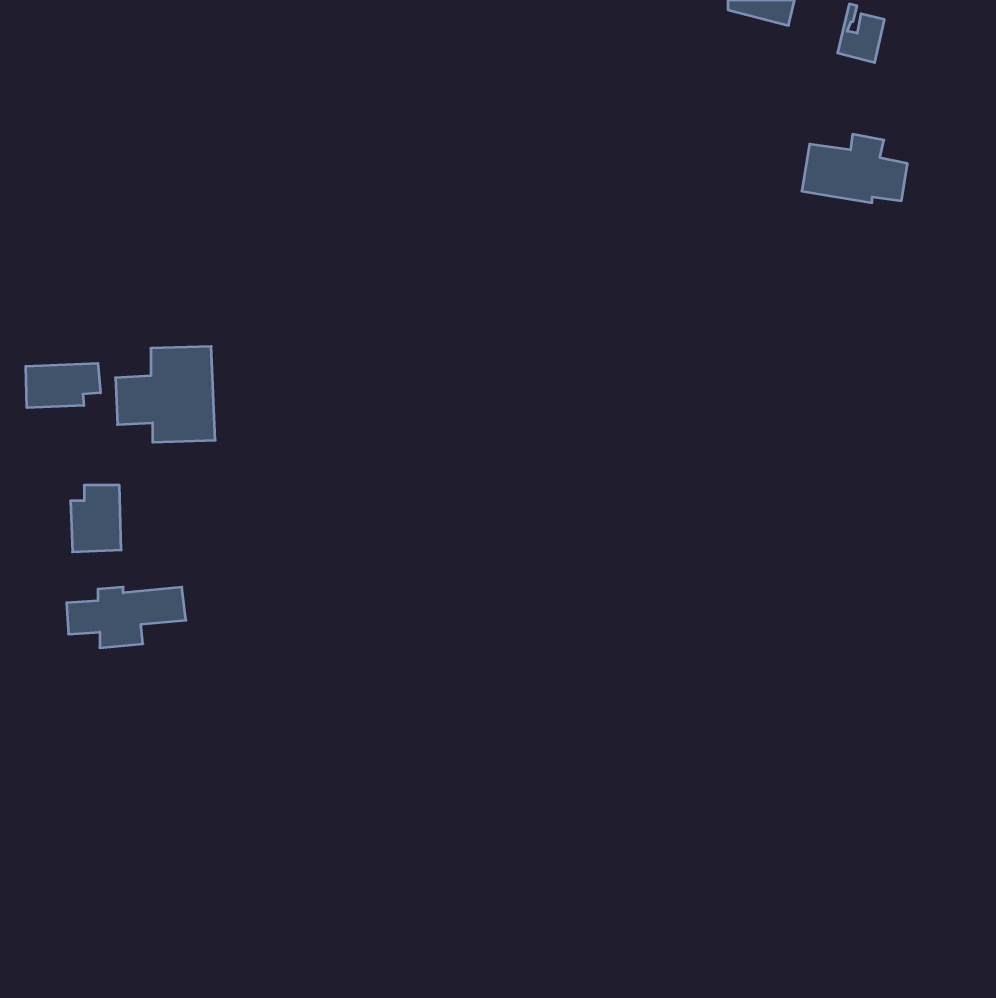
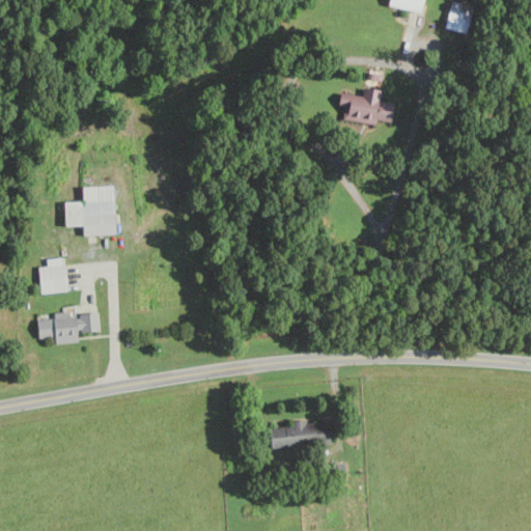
building: [802,134,907,203] -> [338,89,394,125]
building: [26,363,100,408] -> none
building: none -> [270,421,333,447]

